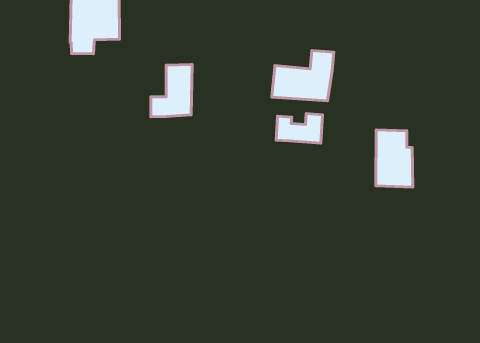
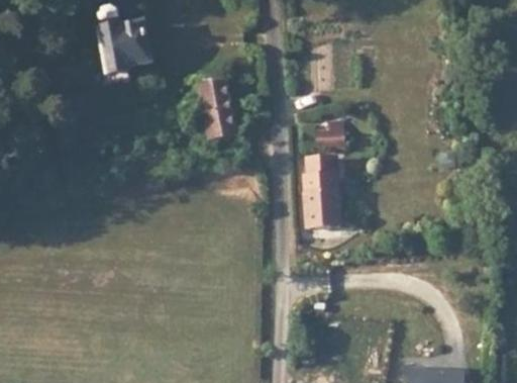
building: [272,50,334,101] -> none
building: [376,130,413,187] -> [304,173,341,225]

